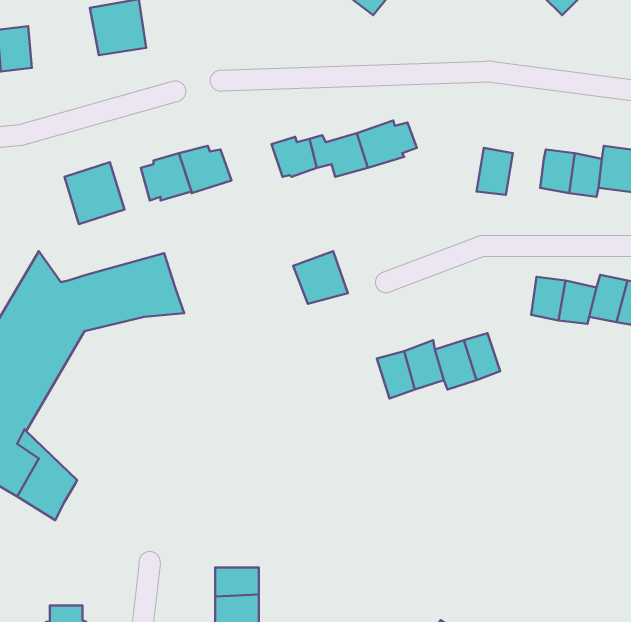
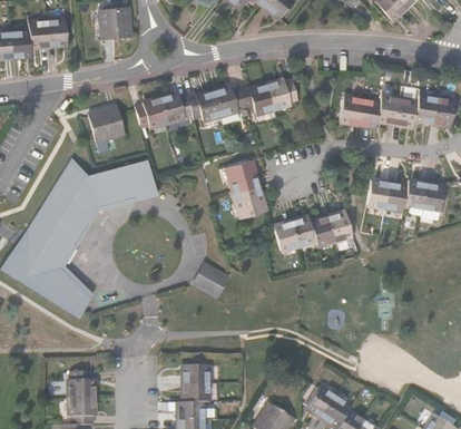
building: none -> [180,91,218,118]
building: none -> [355,97,379,126]
building: none -> [234,183,267,216]
building: none -> [196,264,232,296]

